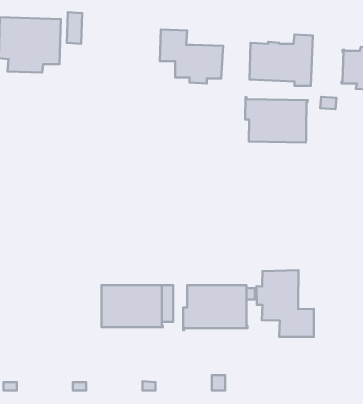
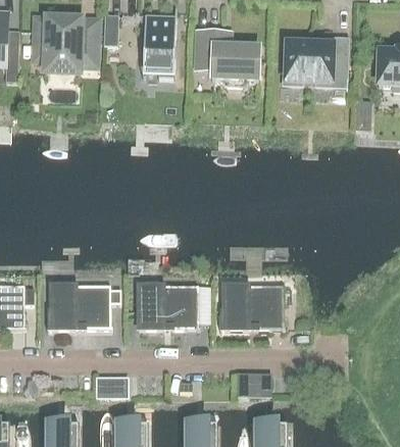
building: none -> [141,6,174,77]
building: [245,97,308,143] -> none
building: [256,270,314,337] -> none
building: none -> [46,285,119,330]

